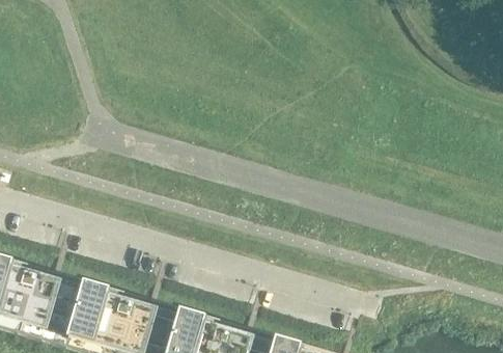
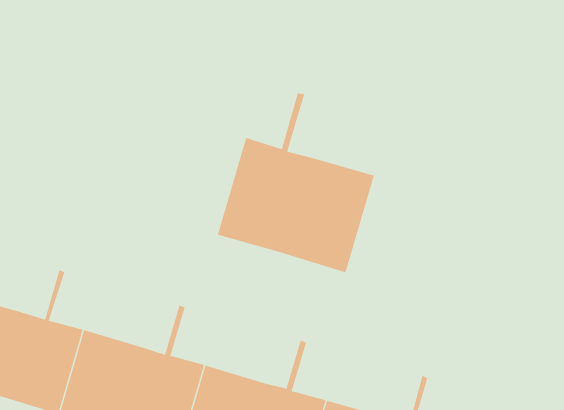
building: none -> [217,93,374,273]

